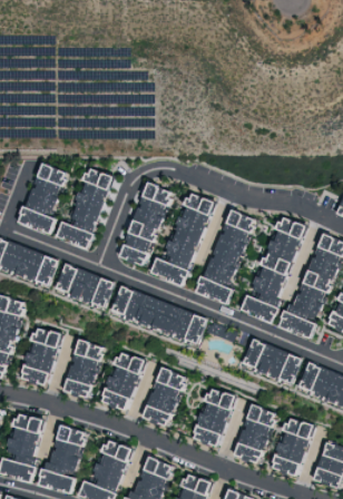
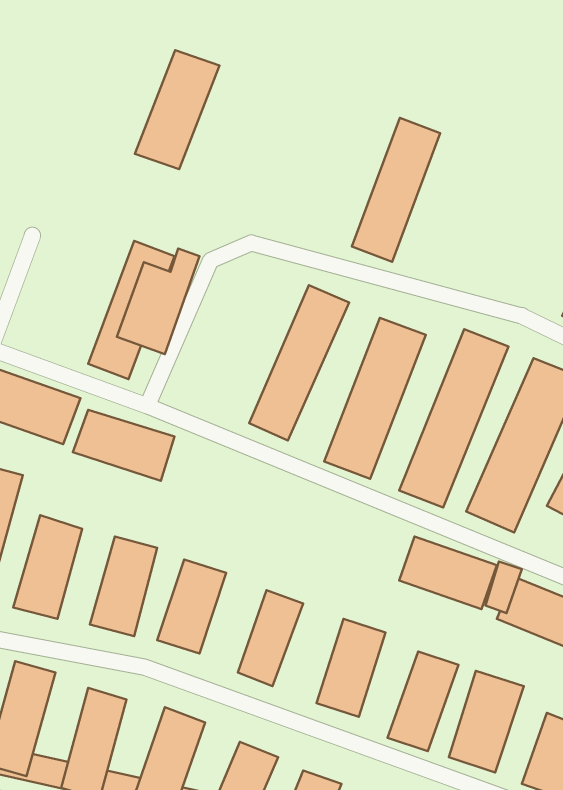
building: [19,164,68,233] -> [135,50,219,169]
building: [121,182,173,265] -> [352,118,440,262]
building: [115,286,205,346] -> none

